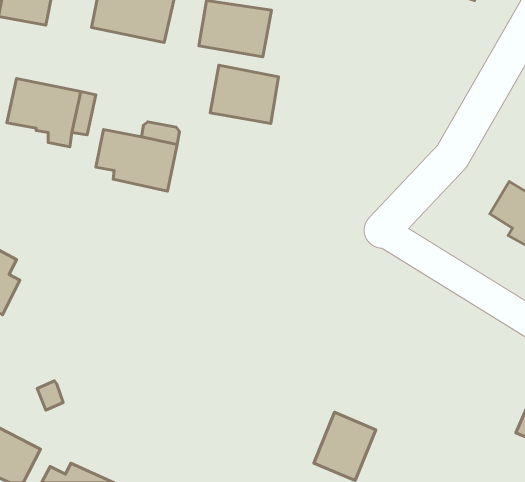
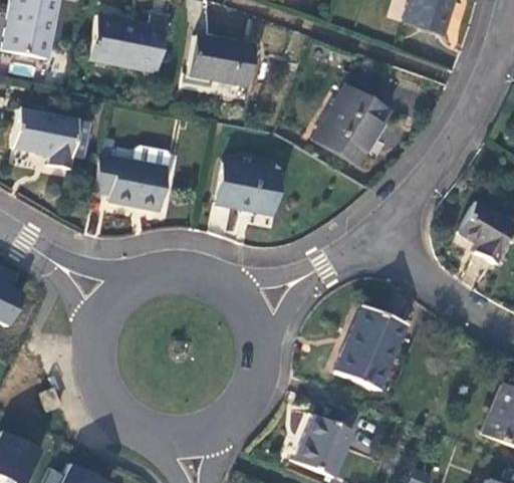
building: none -> [313,85,390,164]
building: [210,65,278,124] -> [216,159,279,213]
building: none -> [335,306,408,391]

